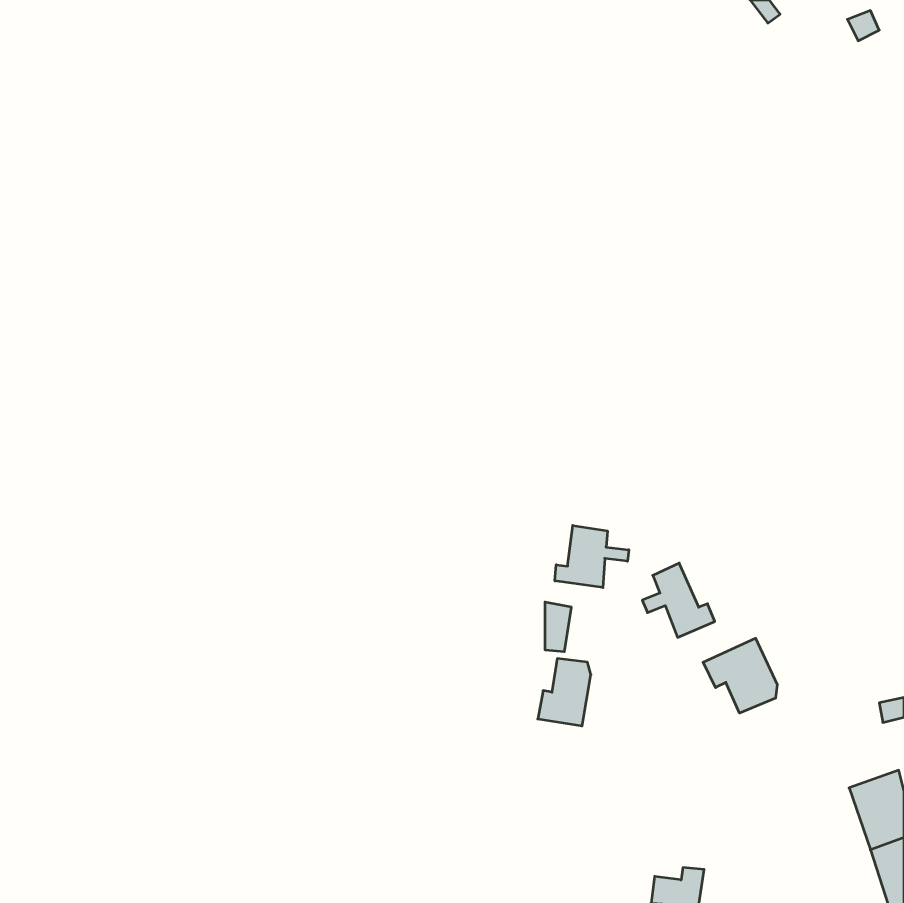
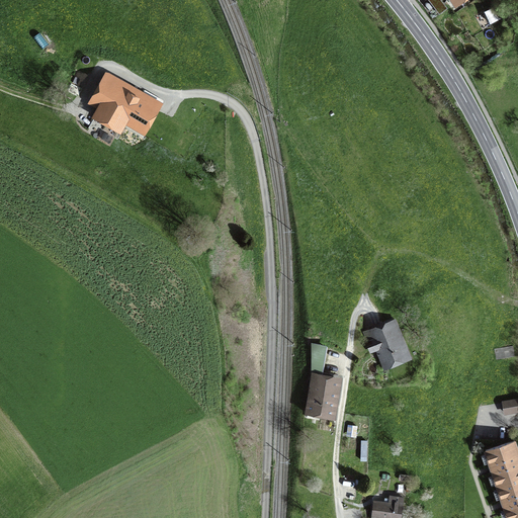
building: none -> [92,73,159,131]
building: [555,525,629,588] -> none
building: [703,638,777,713] -> none

